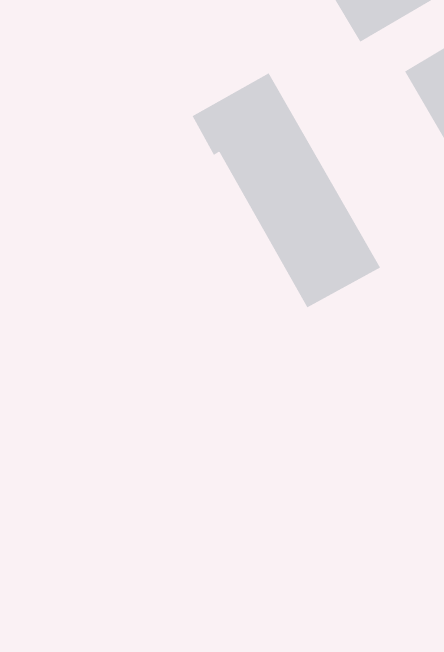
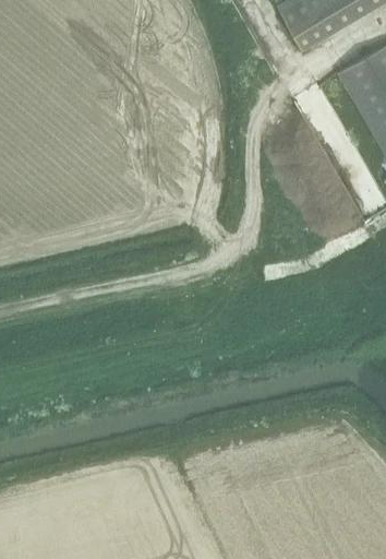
building: [192,73,381,308] -> none

